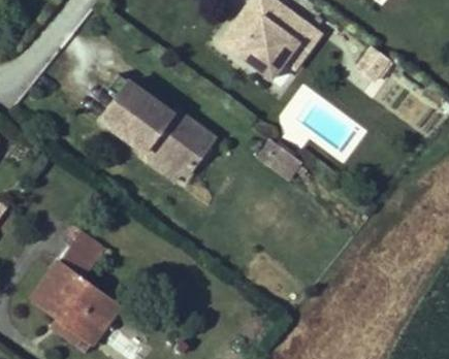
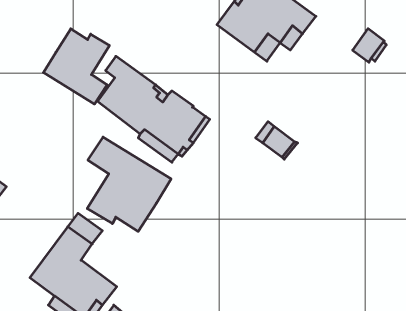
building: none -> [43,29,109,104]
building: none -> [87,137,171,231]

